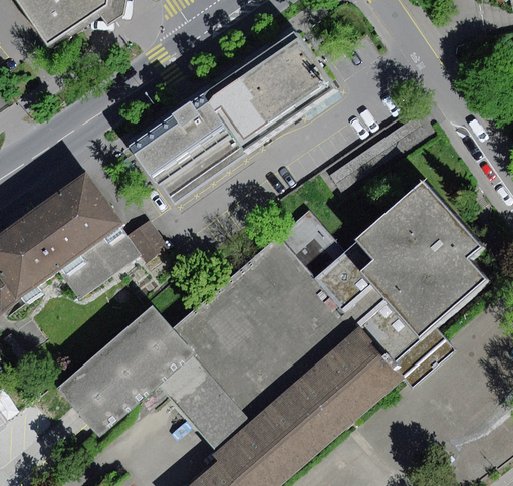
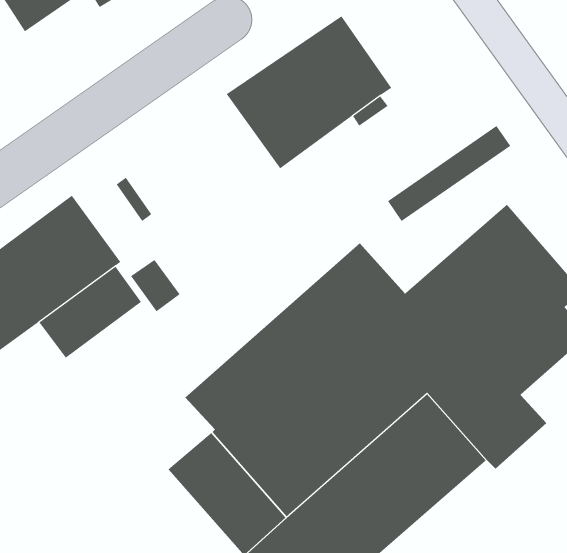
building: [129,93,245,202] -> none
building: [57,306,194,438] -> none

